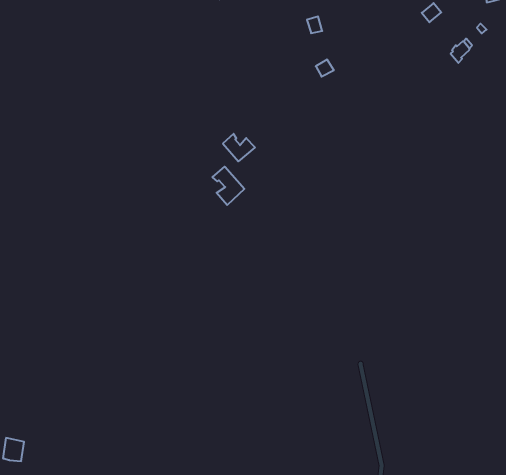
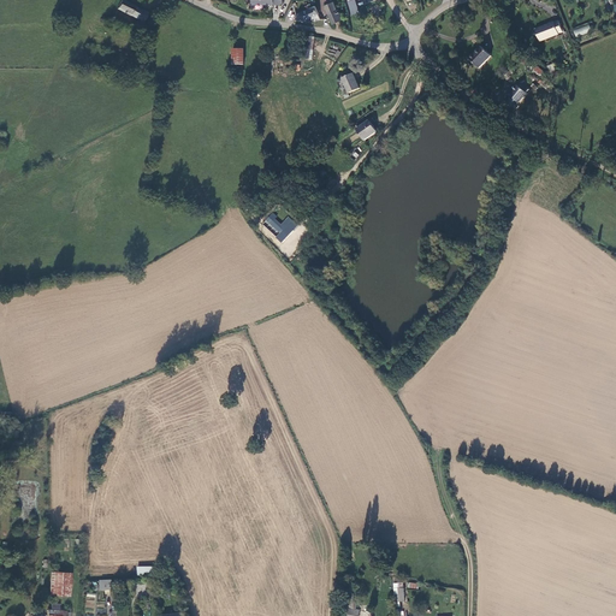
building: [212,167,244,205] -> none

